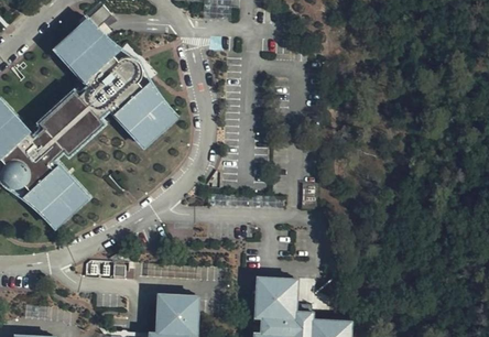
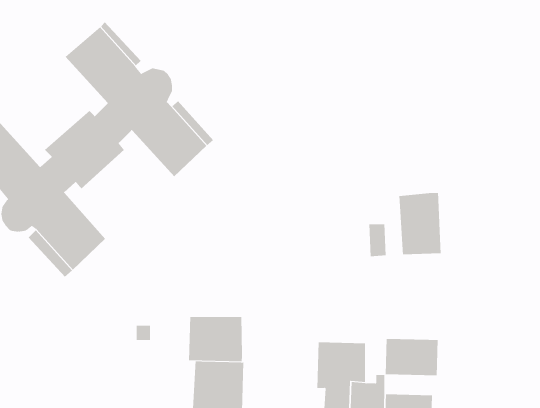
building: none -> [399,192,441,255]
building: none -> [189,316,243,362]
building: none -> [385,338,438,376]

